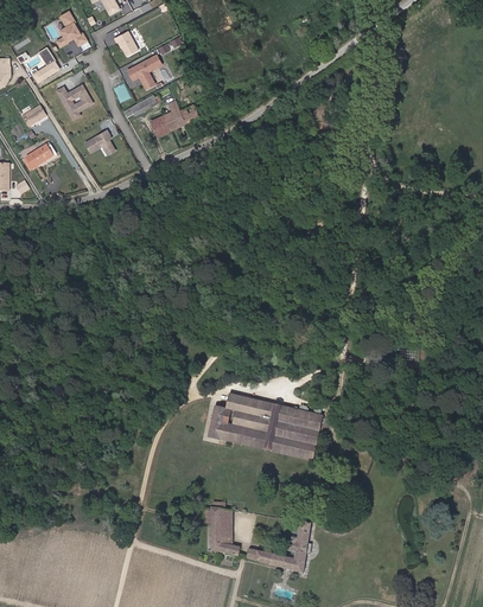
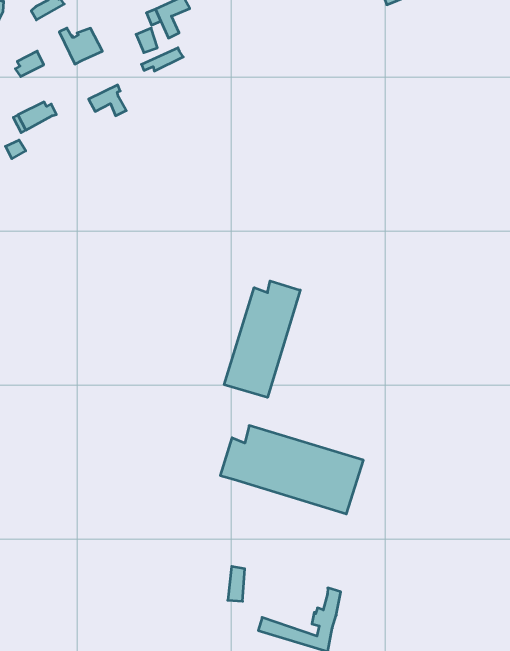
building: [151,101,198,134] -> none
building: none -> [224,281,300,397]
building: [214,506,243,556] -> none

